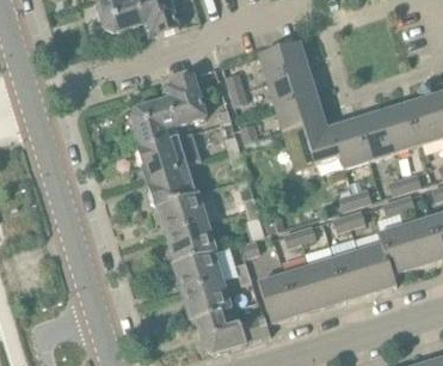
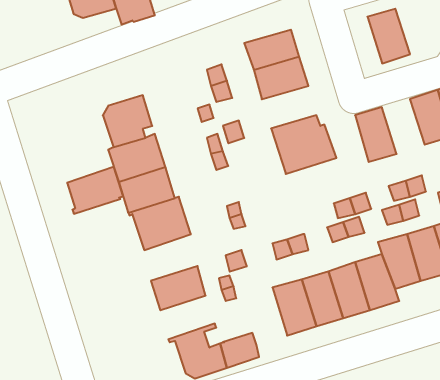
building: [162,73,205,126] -> none
building: [273,90,322,128] -> none
building: [381,102,419,151] -> [367,9,410,63]
building: [330,116,369,166] -> none
building: [168,222,219,264] -> [67,167,123,214]
building: [258,270,296,321] -> none
building: [183,277,232,317] -> none

